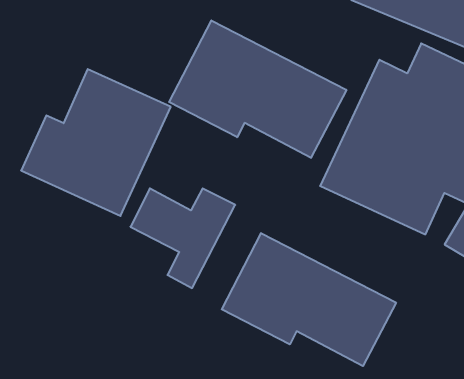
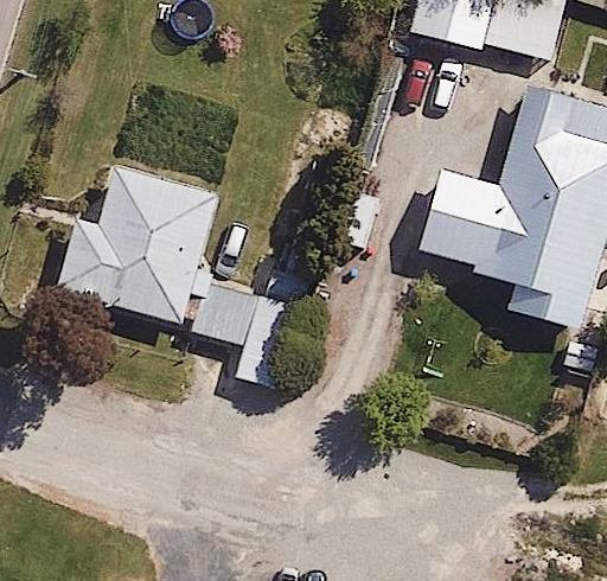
building: [169,20,346,158] -> none
building: [222,233,396,366] -> none

